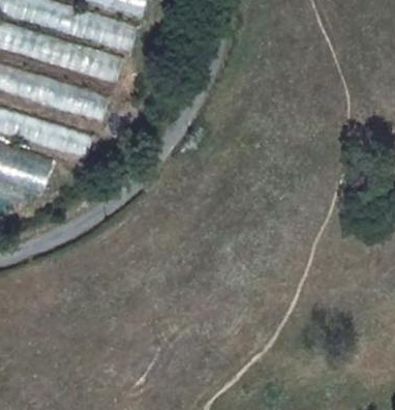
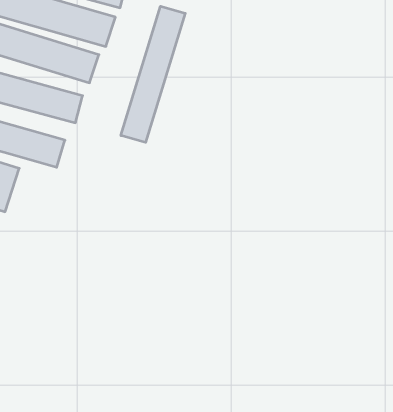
building: none -> [121,6,185,142]

